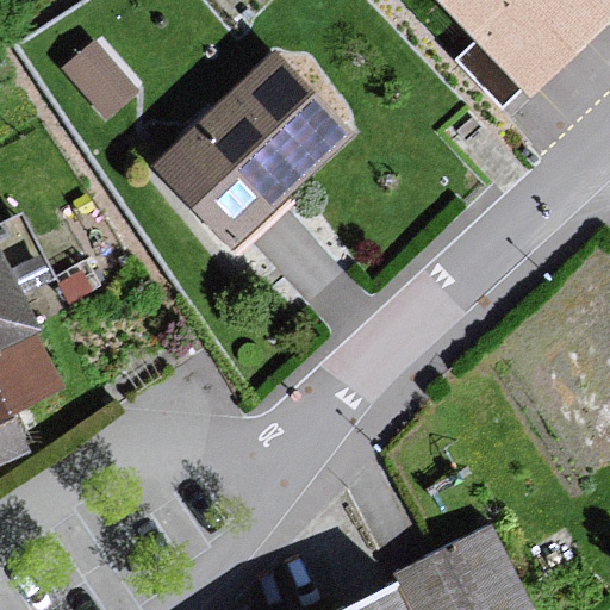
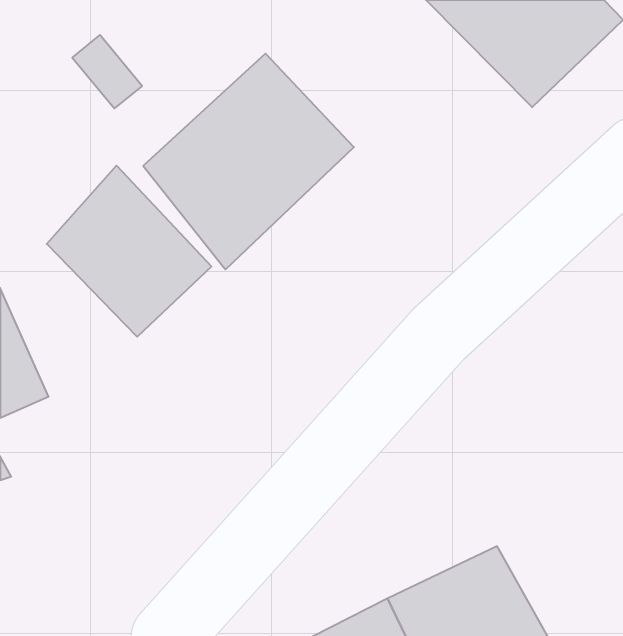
building: none -> [47,166,211,337]

